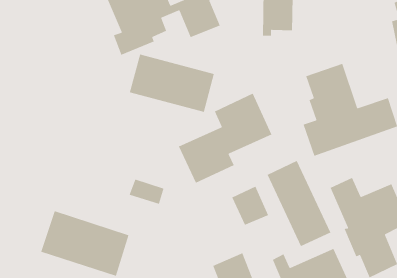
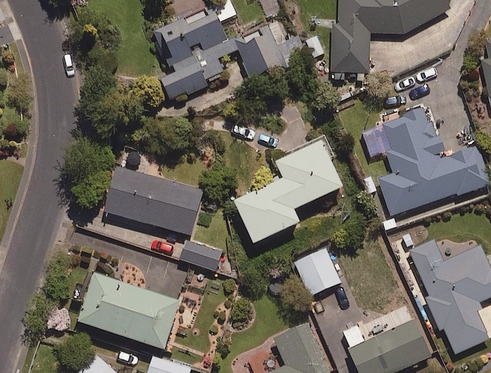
building: [129,53,215,113] -> [104,166,202,234]
building: [266,160,331,247] -> none

